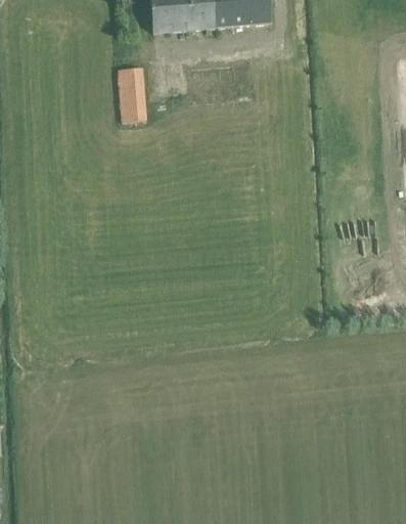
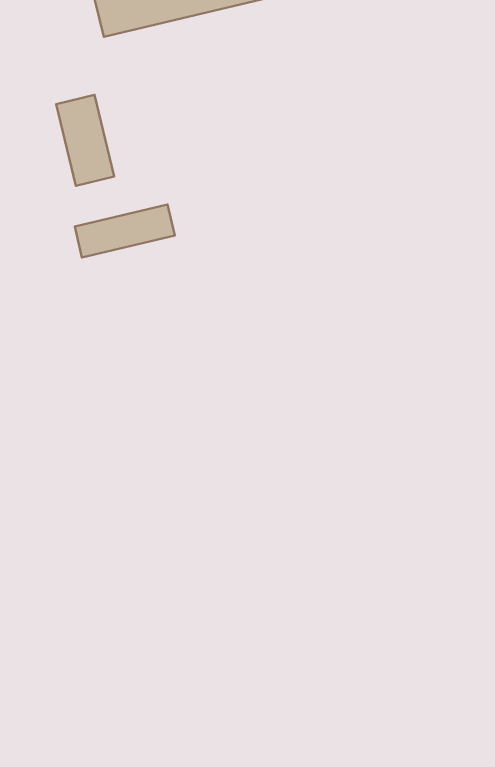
building: none -> [75,205,175,257]

